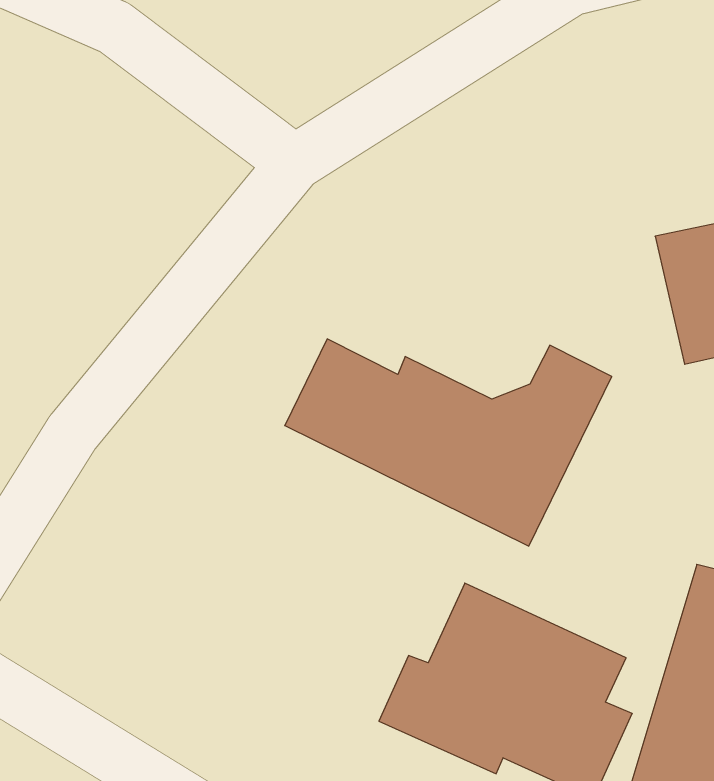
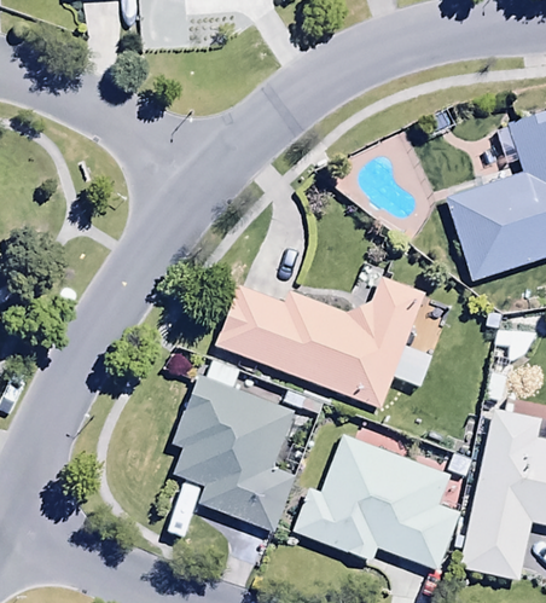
building: none -> [173,361,295,533]

